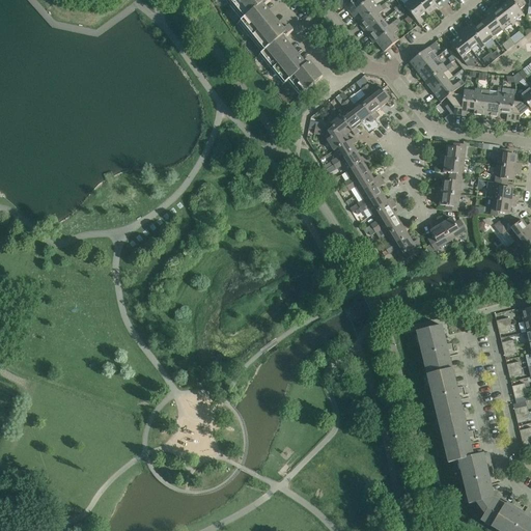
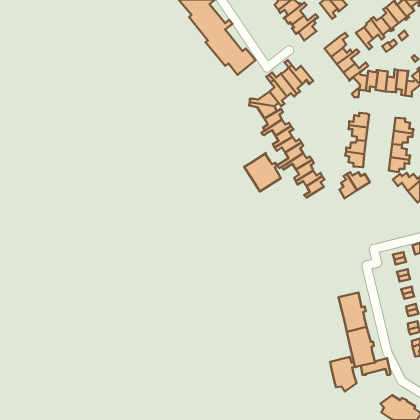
building: none -> [244,153,281,191]
building: [387,235,420,258] -> none
building: [417,325,452,374] -> none
building: [462,465,495,508] -> [330,357,356,391]

